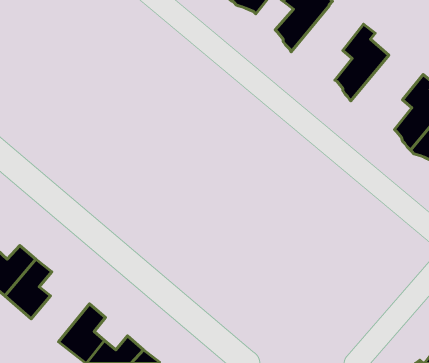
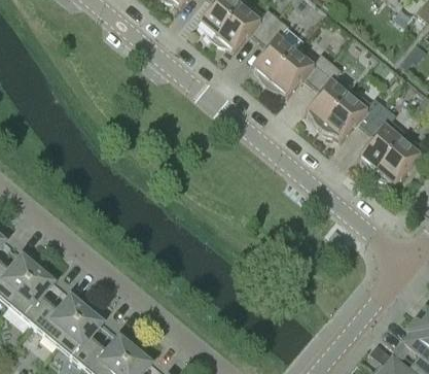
building: none -> [266,43,331,95]
building: none -> [320,88,385,139]
building: none -> [33,299,85,345]

